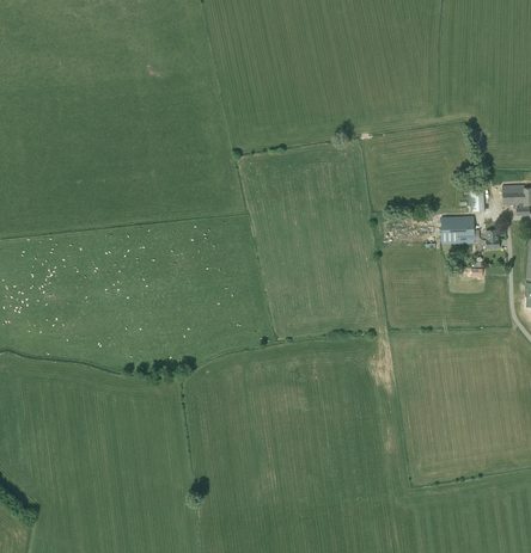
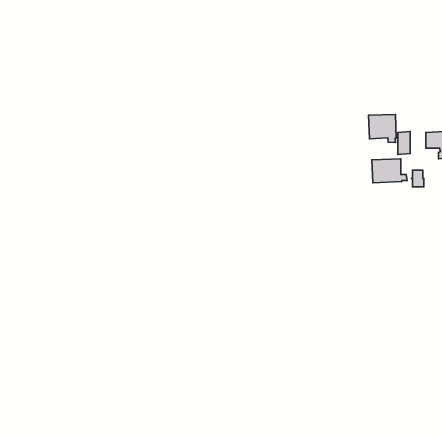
building: none -> [369,114,396,142]

